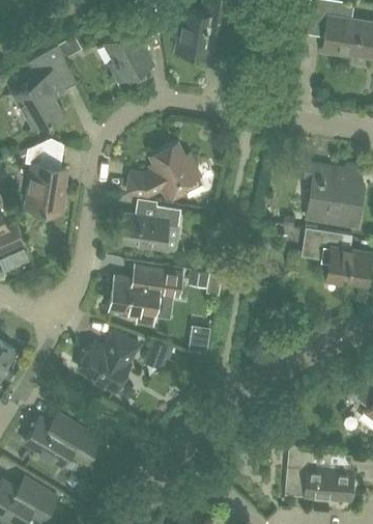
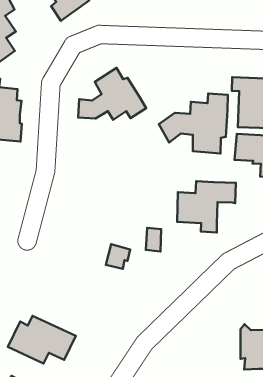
building: none -> [159,94,228,153]
building: [120,205,181,250] -> none
building: [111,267,181,327] -> [177,181,236,233]
building: [79,331,139,391] -> none

